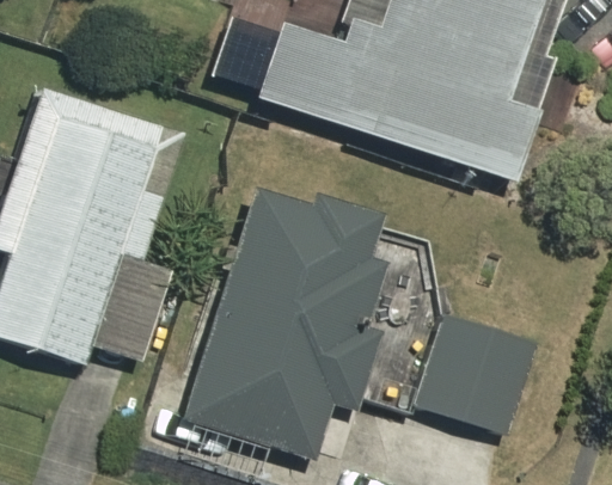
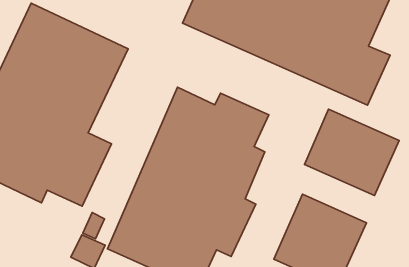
building: none -> [304,109,399,195]

